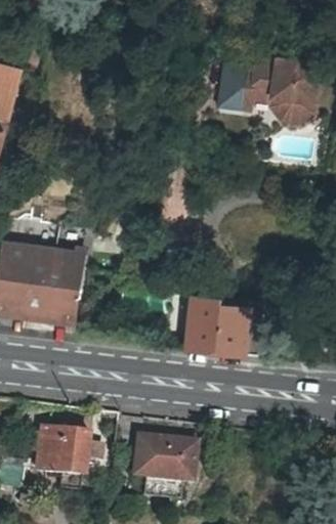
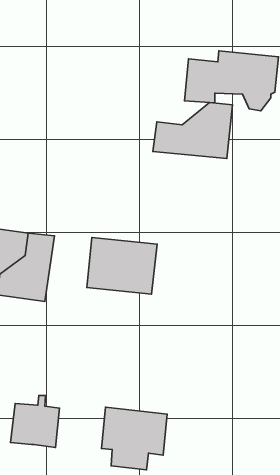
building: none -> [153,102,232,159]
building: [188,294,262,353] -> [87,237,157,294]

